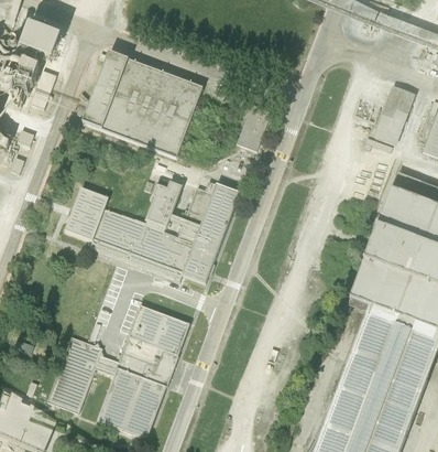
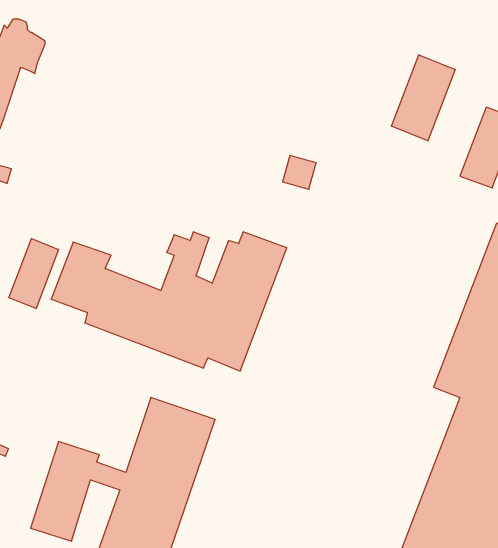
building: none -> [391,55,455,141]
building: [84,50,204,155] -> none
building: none -> [9,239,59,309]

